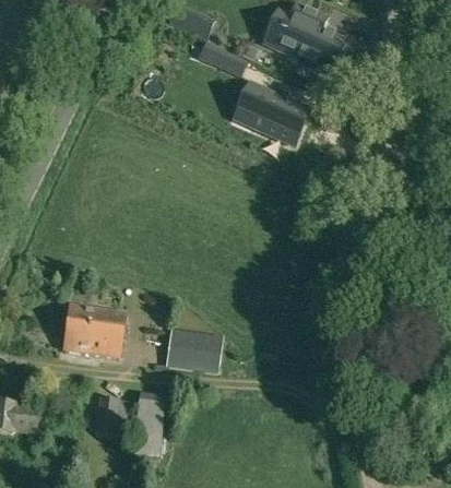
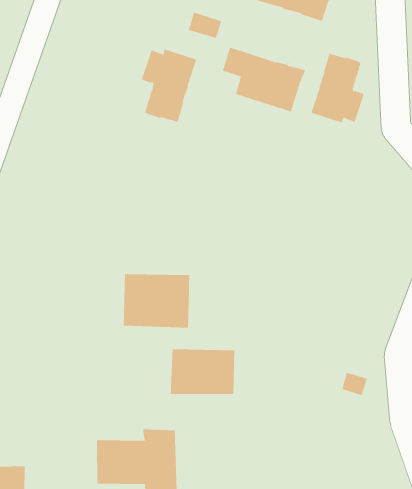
building: none -> [141,49,197,123]
building: none -> [311,53,365,124]
building: [63,305,124,357] -> [123,273,190,329]

